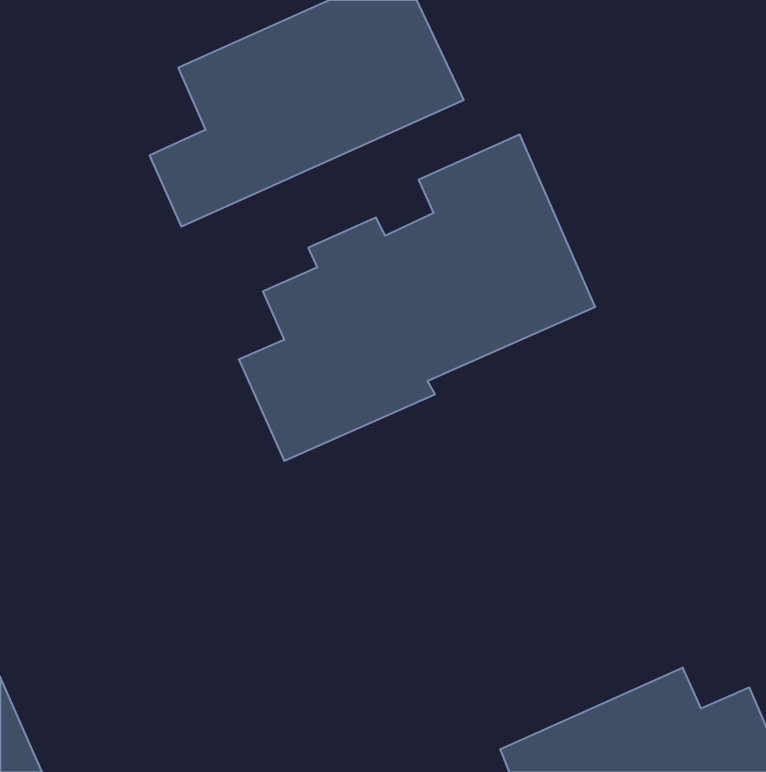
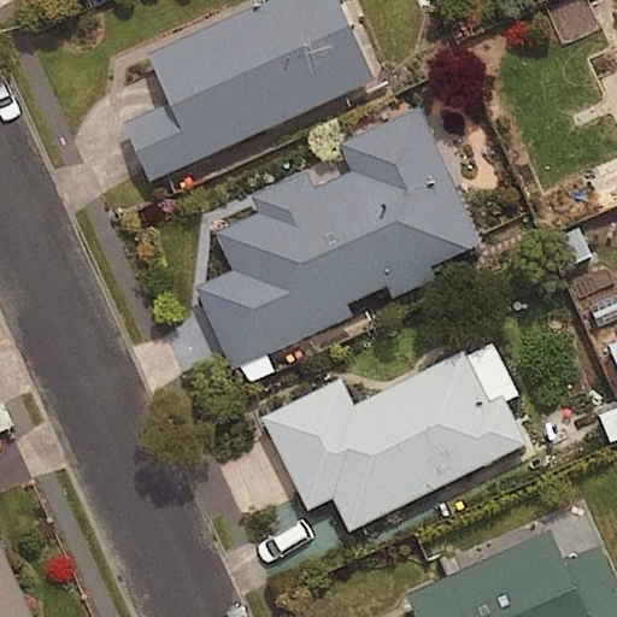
building: none -> [262,351,528,533]

